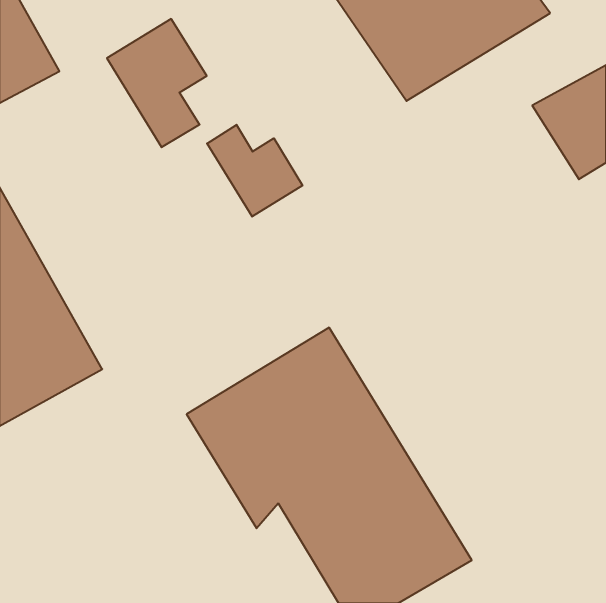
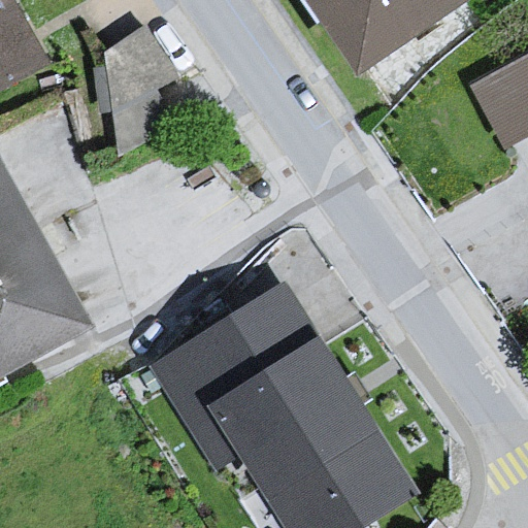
building: [207,125,302,217] -> none

